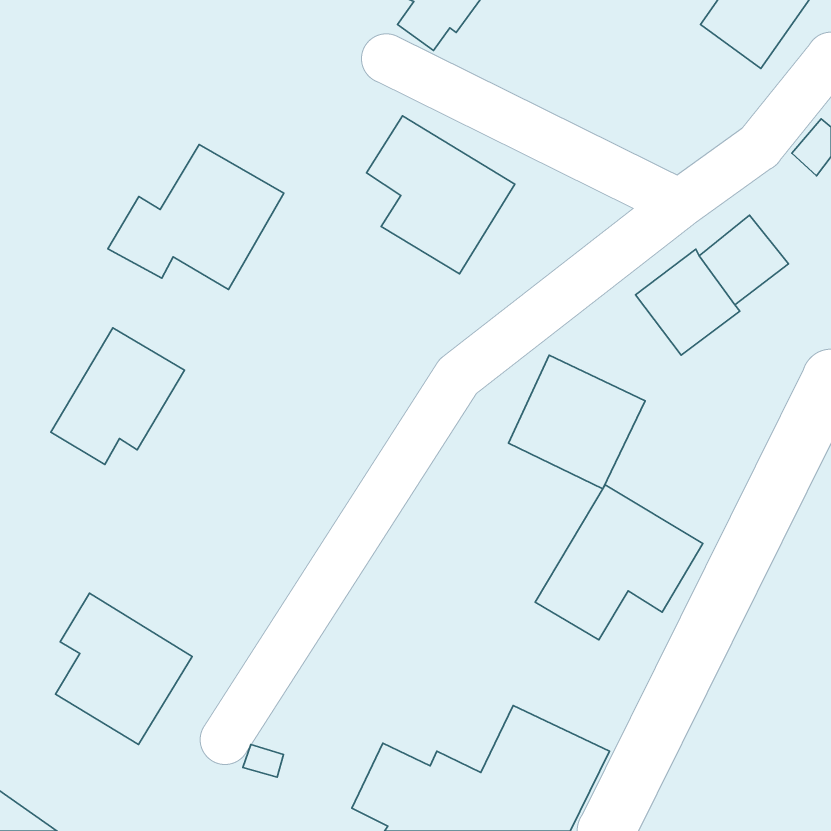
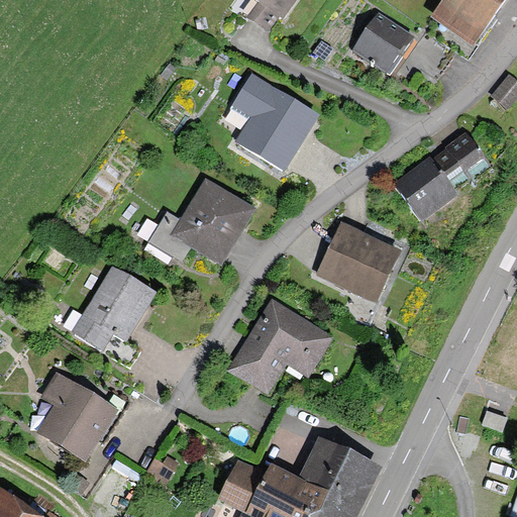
building: none -> [352,24,405,77]
building: [108,144,284,289] -> [148,177,257,267]
building: [51,328,185,465] -> [72,265,154,349]
building: [535,485,703,640] -> [228,300,332,396]

